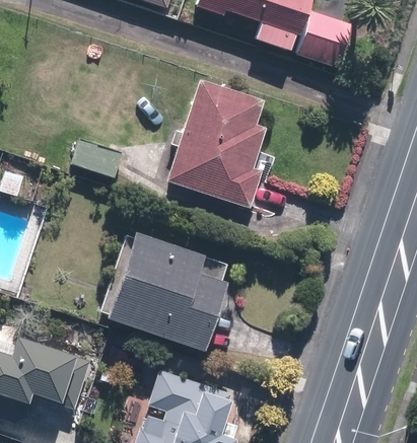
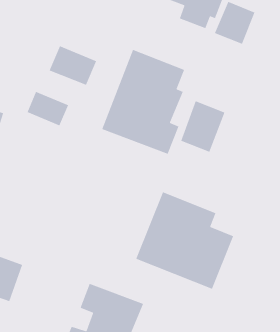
building: none -> [48,45,97,86]
building: none -> [180,100,226,153]
building: [108,231,229,351] -> [135,191,234,290]

